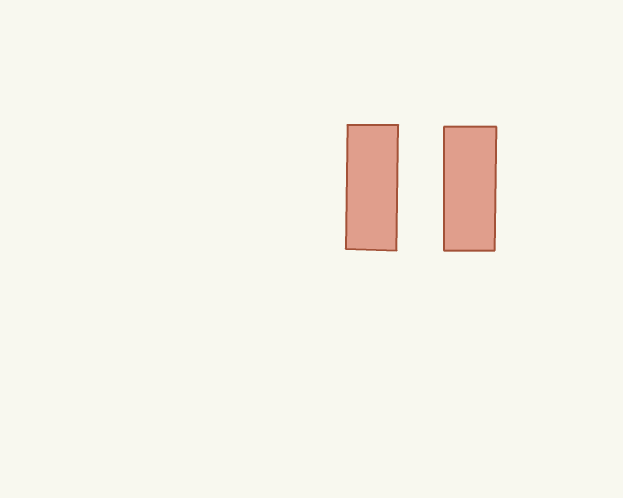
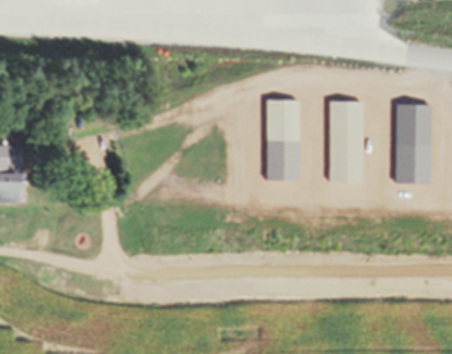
building: none -> [395,103,430,181]

